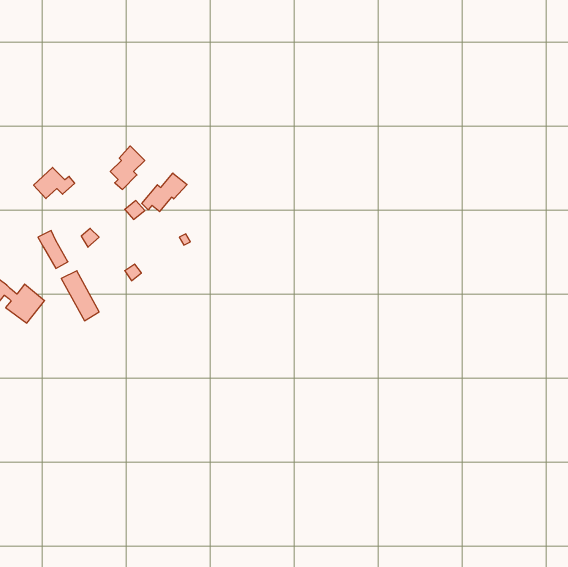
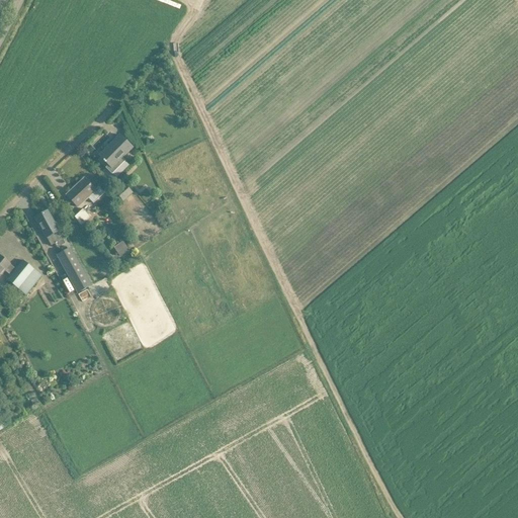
building: [34,167,75,199] -> [66,177,103,205]
building: [142,173,187,212] -> none

